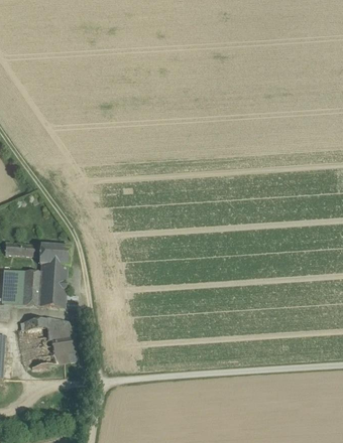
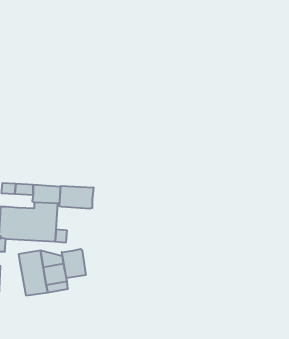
building: none -> [60,186,93,209]
building: none -> [62,249,86,278]

